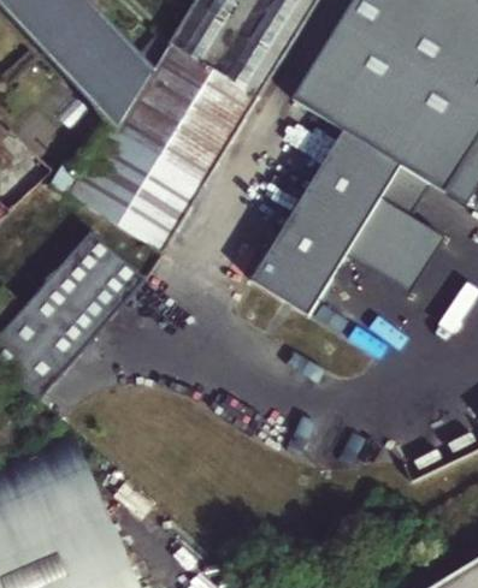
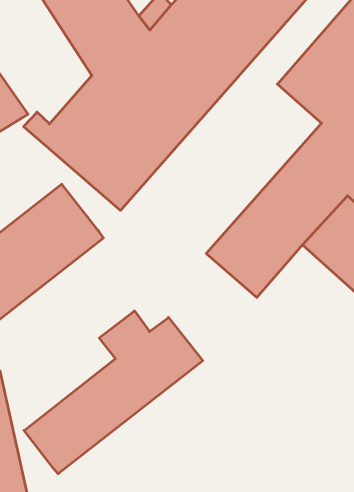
building: none -> [24,311,203,474]

